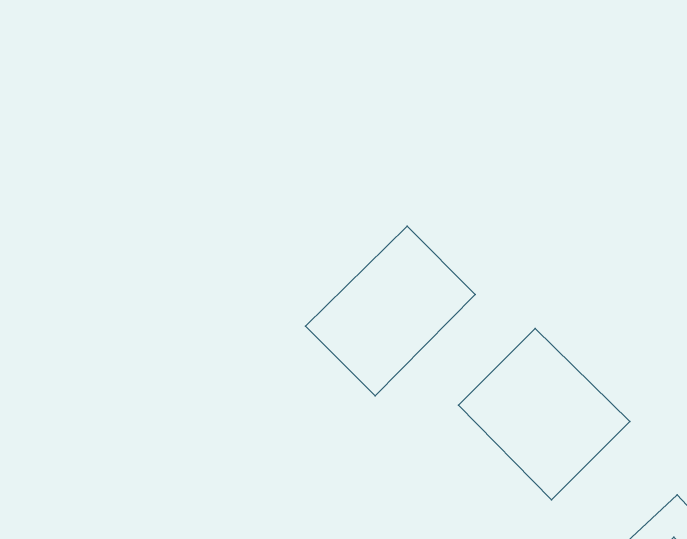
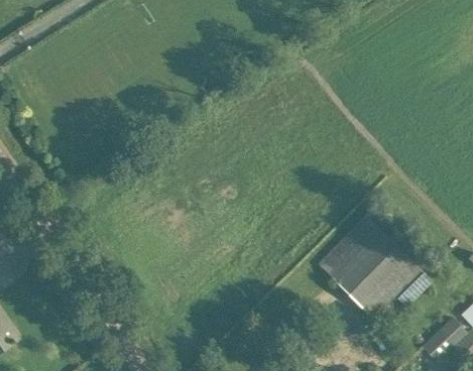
building: [306,226,475,396] -> none

